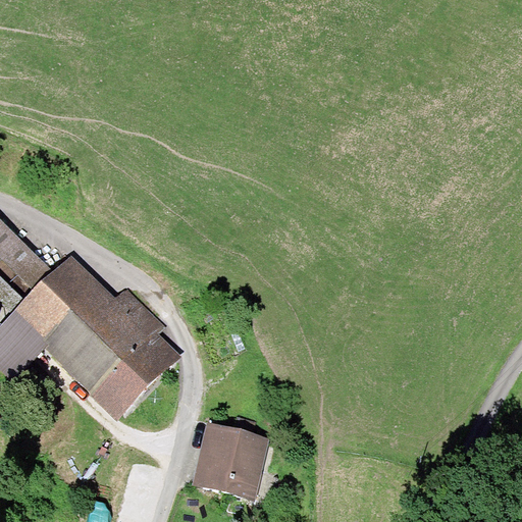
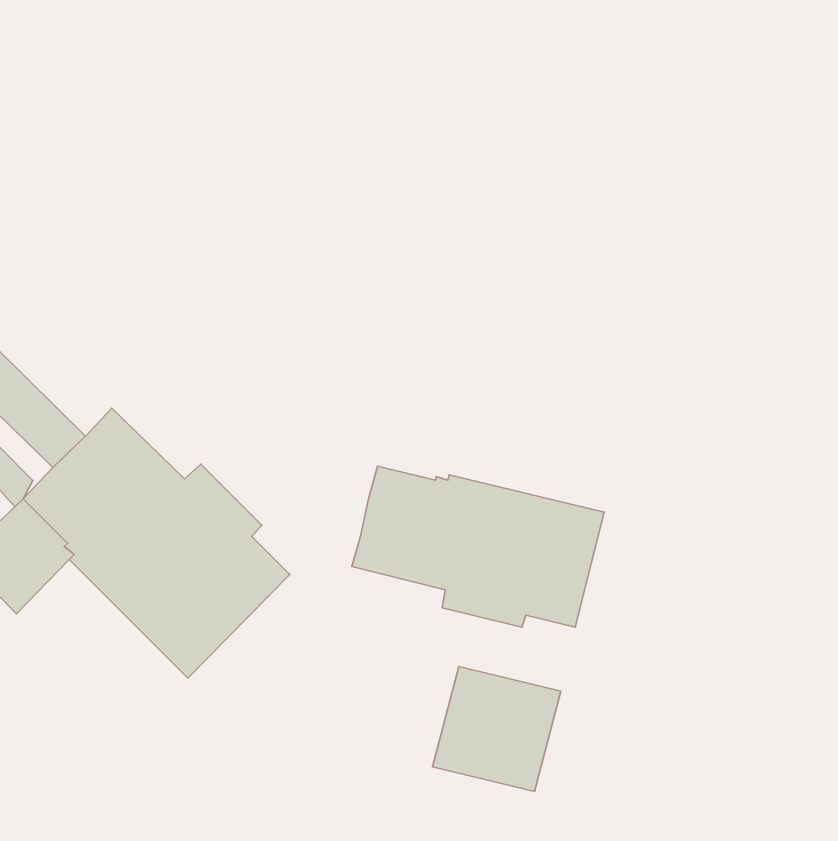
building: none -> [352,466,604,627]
building: [190,422,269,500] -> [433,666,561,792]

